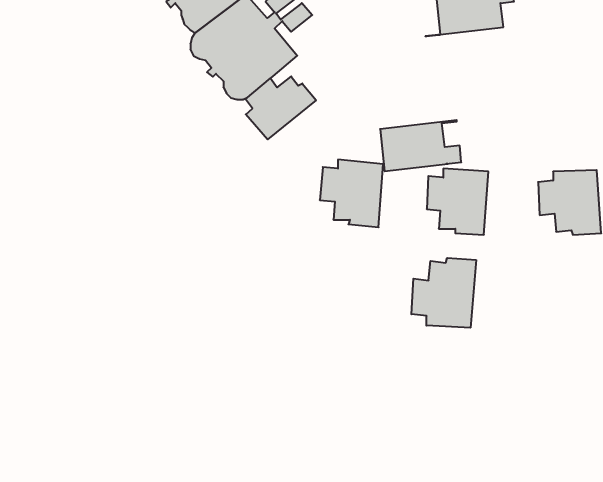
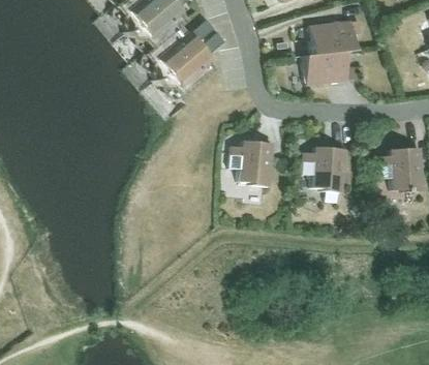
building: [246,76,316,139] -> none
building: [380,120,461,171] -> [305,48,361,83]
building: [411,258,476,328] -> none

